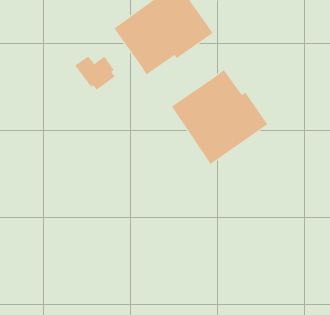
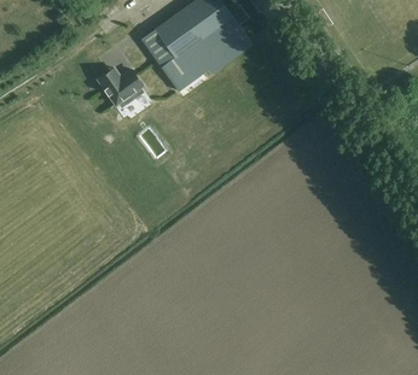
building: [171,69,268,165] -> none

